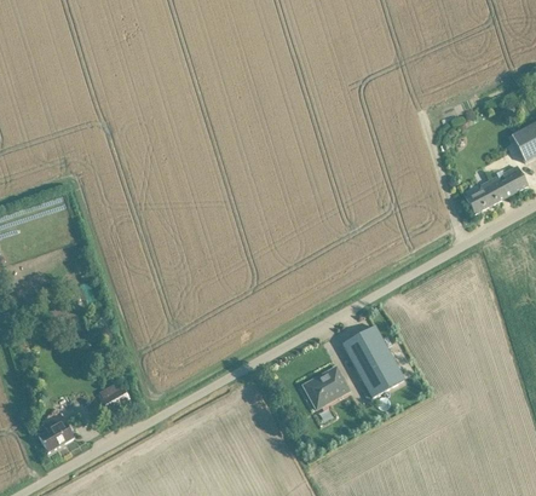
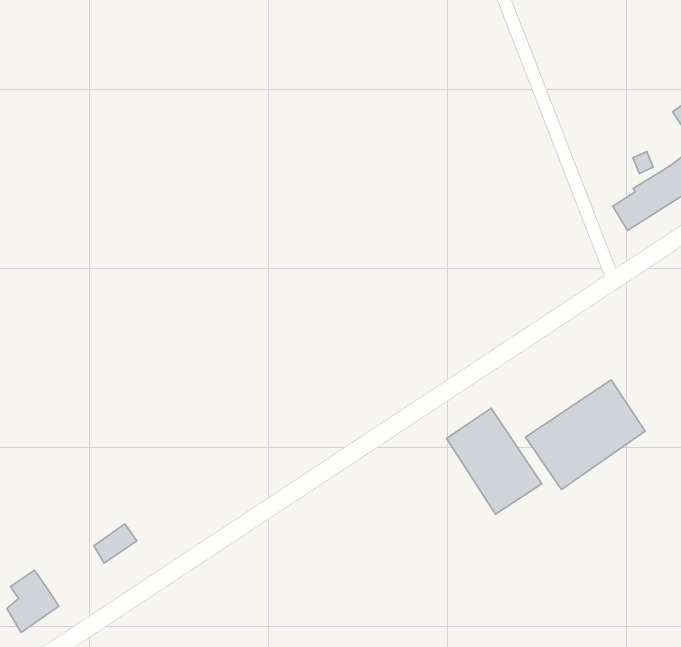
building: none -> [526,380,645,490]
building: [302,367,350,409] -> none

